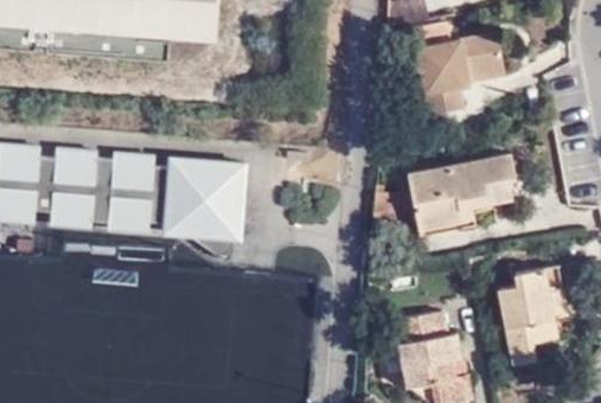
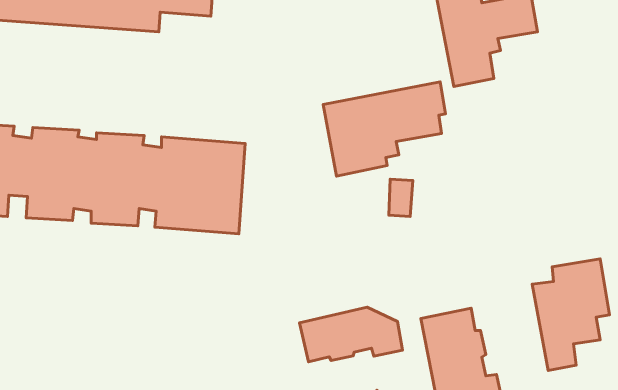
building: [409,149,518,234] -> [323,82,445,176]
building: none -> [300,307,402,362]

